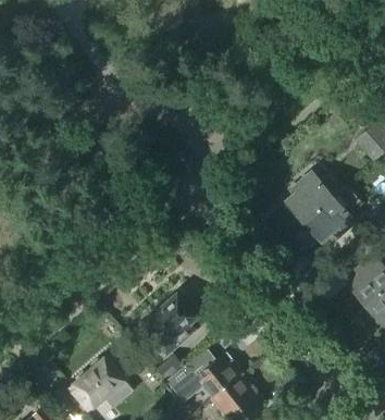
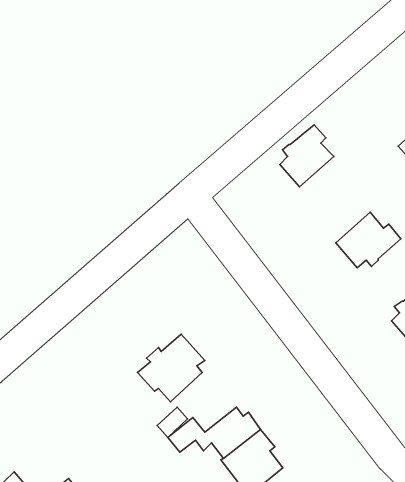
building: [287,169,332,220] -> [280,125,334,187]
building: [69,355,132,410] -> none

